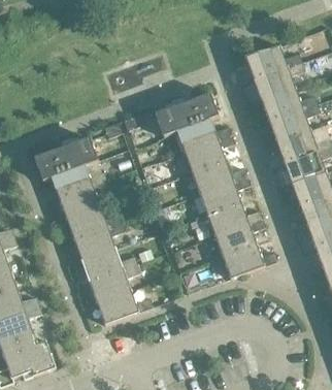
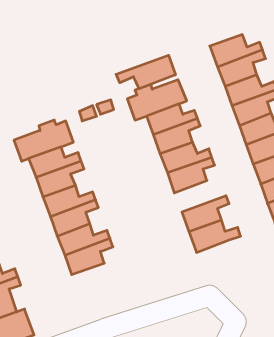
building: none -> [116,55,175,89]
building: [206,202,262,236] -> none
building: [96,291,153,325] -> none

